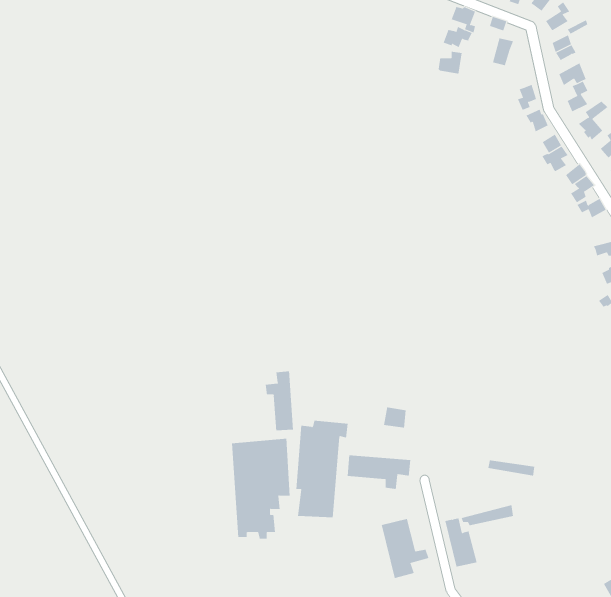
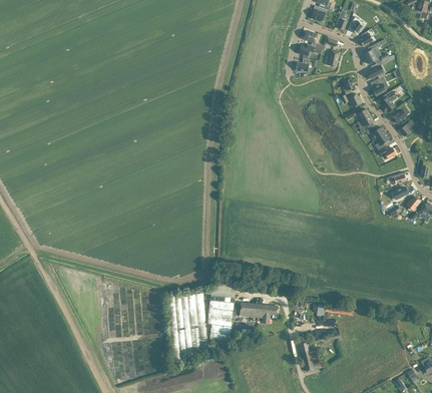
building: [265,371,294,431] -> none
building: [381,518,429,579] -> none

